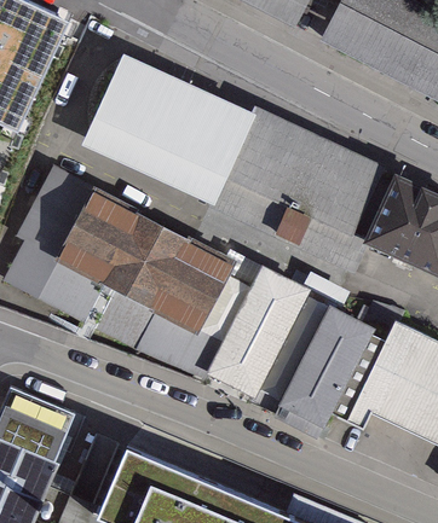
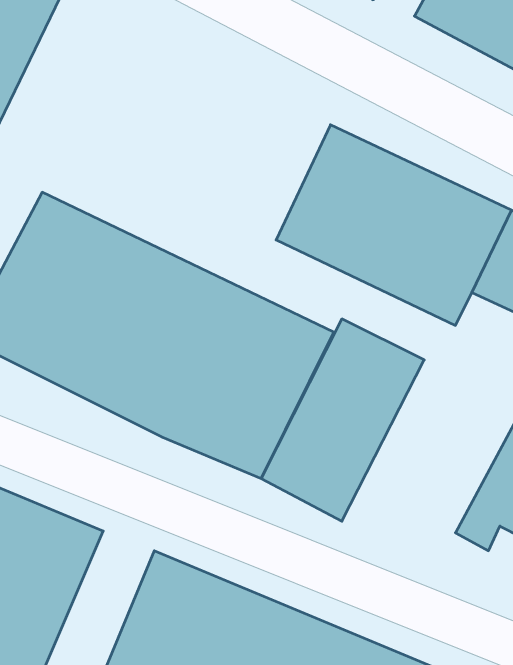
building: [85,53,260,204] -> none
building: [269,292,381,437] -> none

